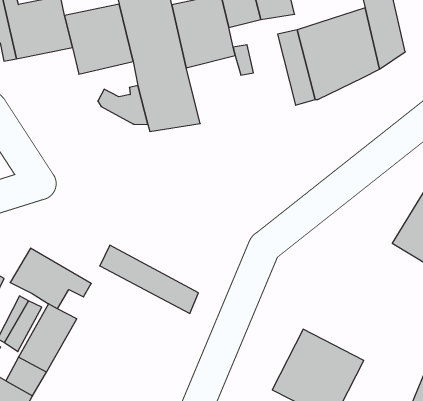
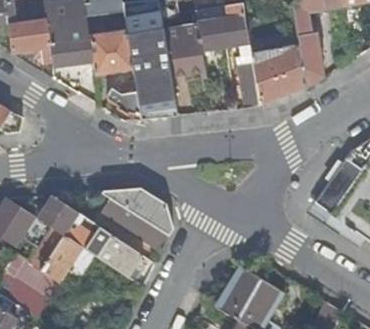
building: none -> [98,188,173,235]
building: none -> [84,225,144,279]

